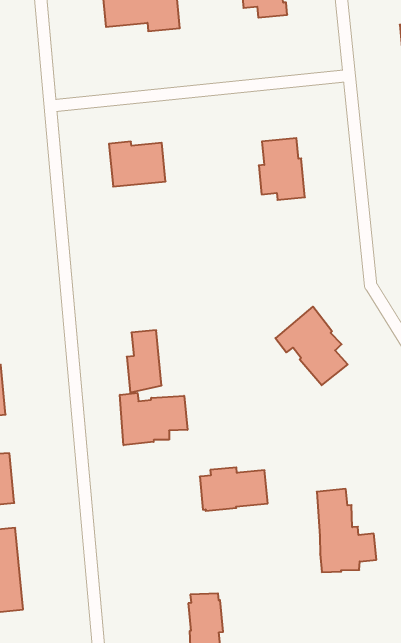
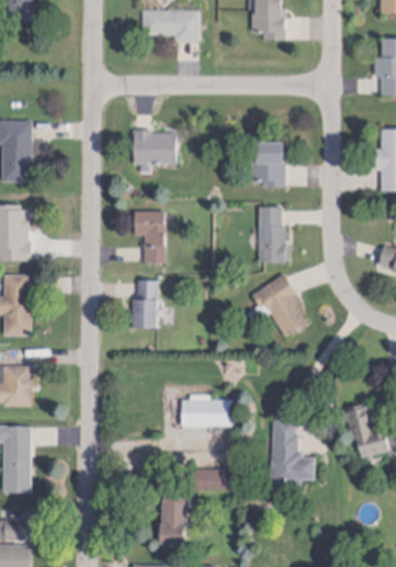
building: none -> [258,206,284,264]
building: none -> [134,210,165,262]
building: [120,393,187,445] -> none
building: none -> [191,470,230,491]

